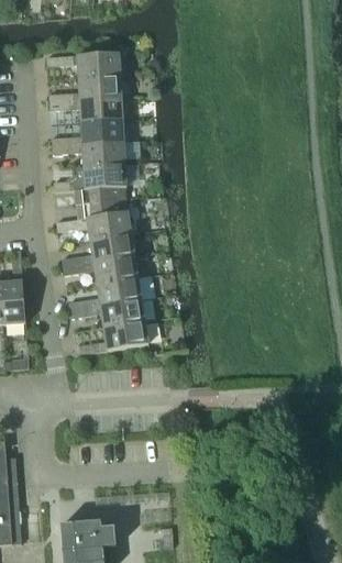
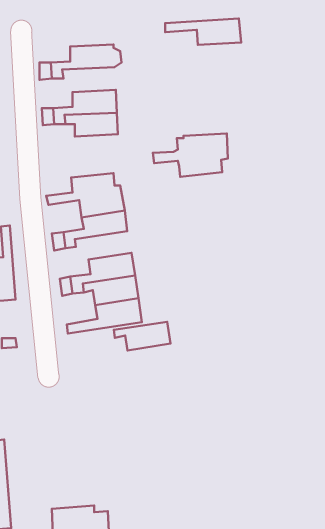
building: [46,53,120,78] -> [165,19,241,45]
building: [70,98,122,122] -> none
building: [53,163,125,205] -> [153,134,228,177]
building: [82,256,137,284] -> [114,322,171,350]

